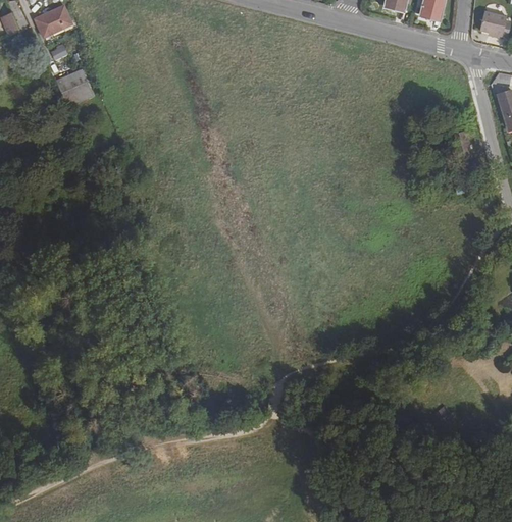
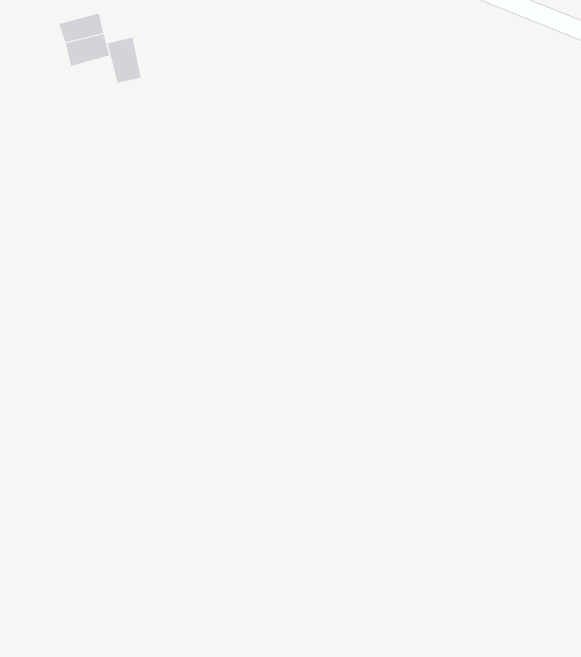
building: none -> [107,37,141,84]

